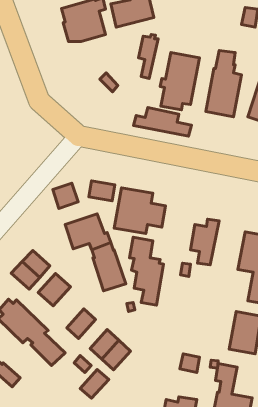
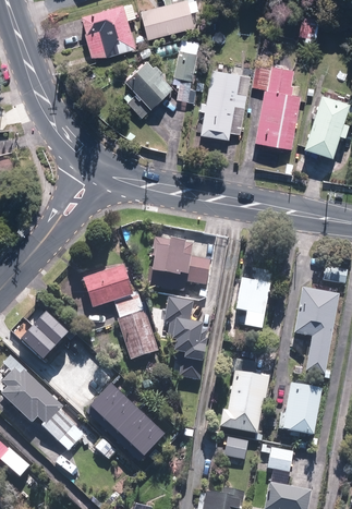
building: none -> [126,61,173,108]
building: [134,107,192,136] -> none
building: [89,181,115,201] -> none
building: [53,183,78,208] -> none
building: [38,273,70,306] -> none
building: none -> [221,360,270,434]
building: [80,370,109,398] -> [101,395,136,429]

